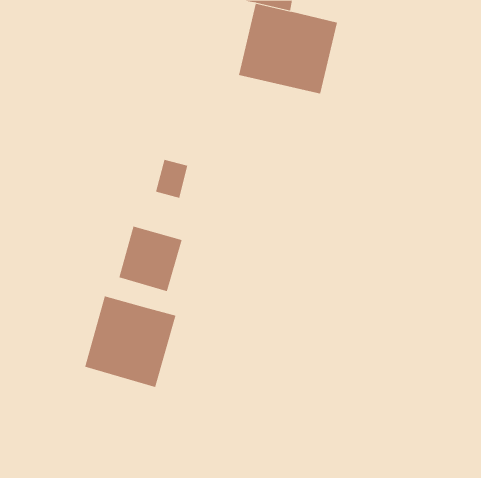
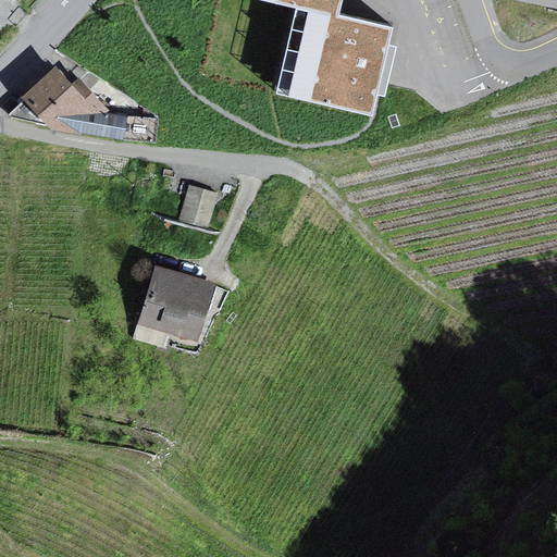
building: none -> [23,63,122,139]
building: [84,295,176,388] -> none

